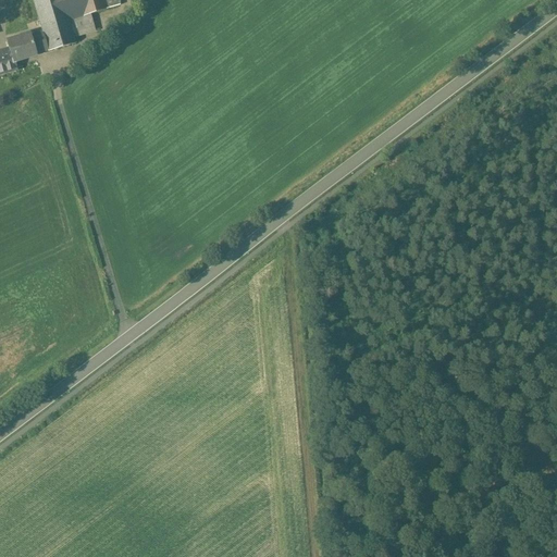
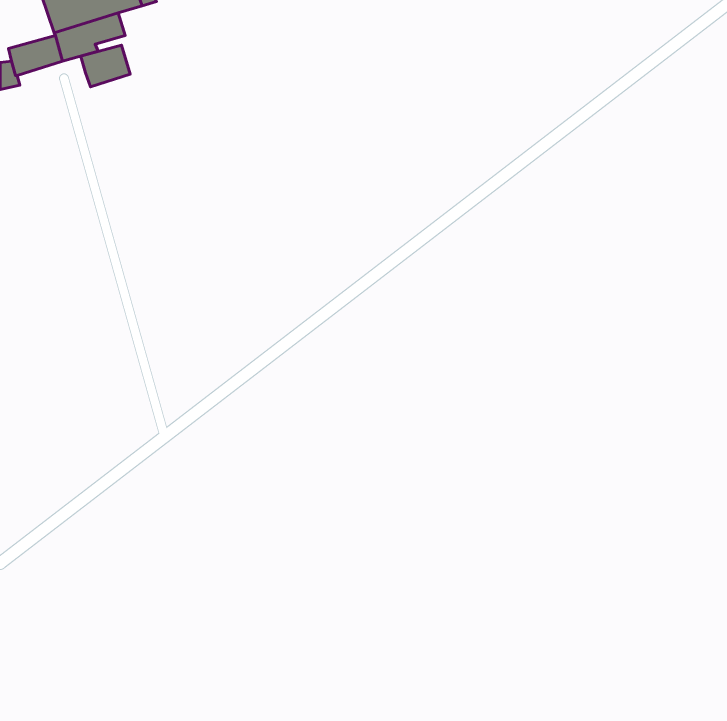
building: none -> [81,45,130,87]

